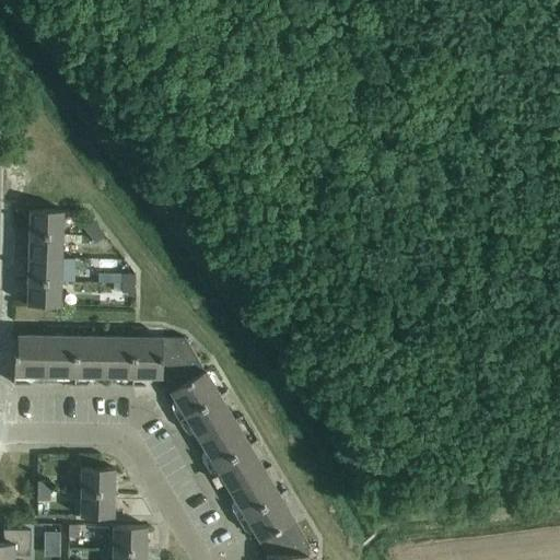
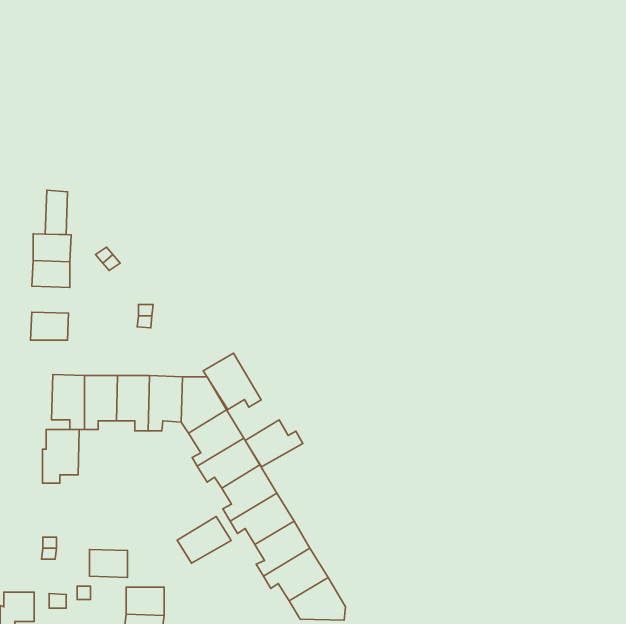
building: none -> [45,190,68,234]
building: [28,257,62,281] -> none
building: none -> [203,353,261,410]
building: [14,336,47,384] -> [43,429,79,483]
building: none -> [245,420,303,467]
building: none -> [177,517,231,563]
building: [80,468,115,493] -> none

